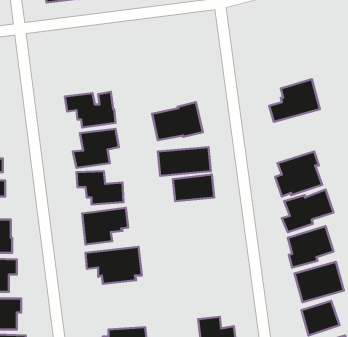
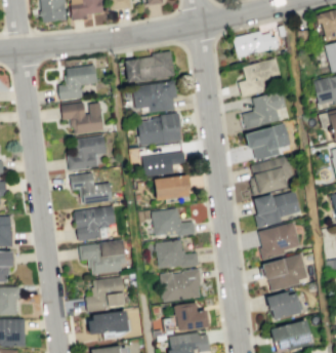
building: none -> [233,31,275,57]
building: none -> [127,51,175,83]
building: none -> [237,57,283,97]
building: none -> [58,65,97,101]
building: none -> [133,82,177,113]
building: none -> [244,123,290,159]
building: none -> [153,208,196,235]
building: none -> [157,240,198,267]
building: none -> [161,270,202,302]
building: none -> [86,277,129,312]

